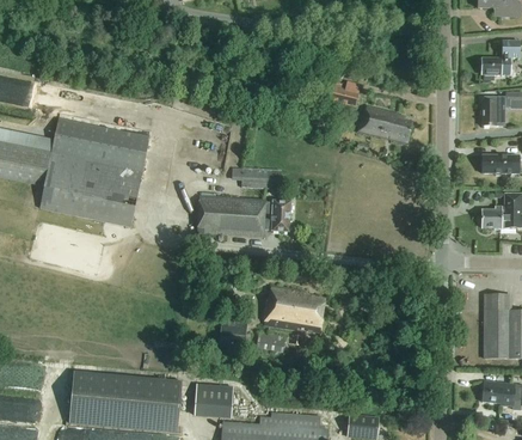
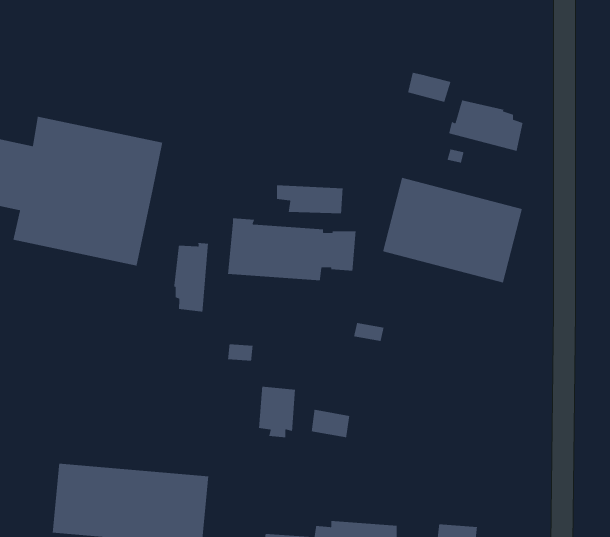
building: none -> [382,177,523,284]
building: none -> [173,242,209,312]
building: [263,285,325,331] -> none
building: [194,381,234,417] -> none

